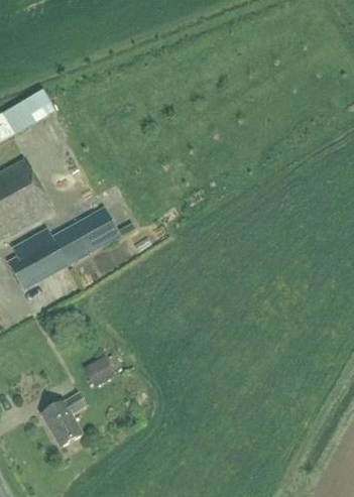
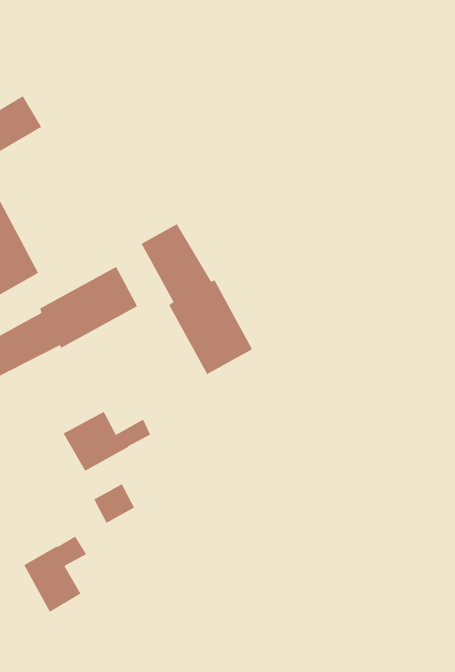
building: none -> [141,223,253,375]
building: none -> [62,411,151,472]

